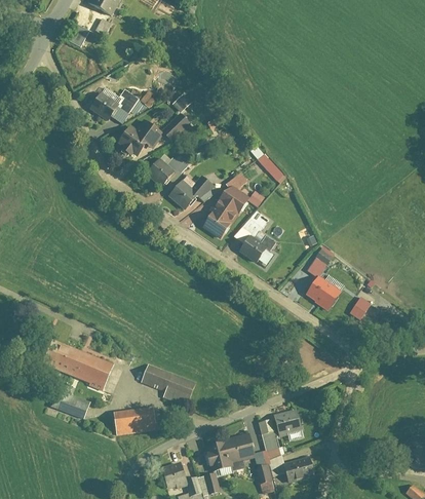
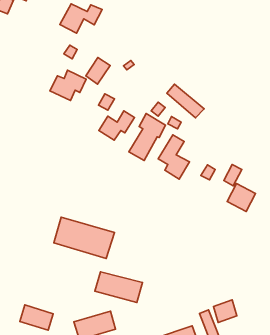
building: [87,85,139,120] -> [60,4,102,33]
building: [145,158,173,186] -> none
building: [43,335,115,389] -> [54,217,115,258]

